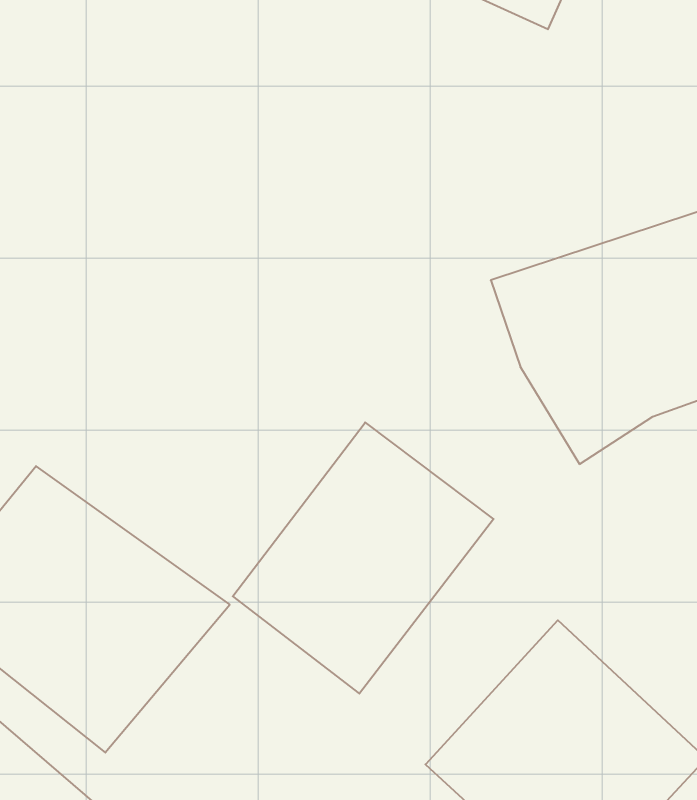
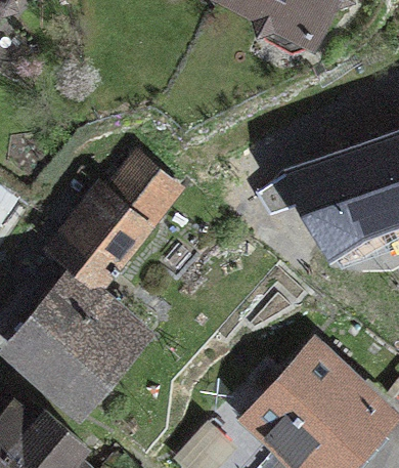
building: none -> [41,146,191,293]
building: [233,422,494,694] -> none

